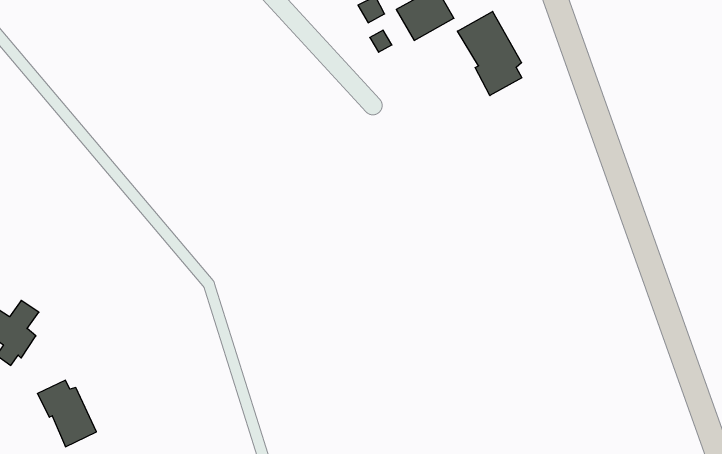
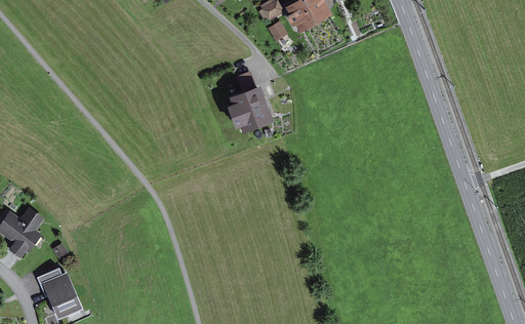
building: [457,11,522,96] -> none
building: none -> [231,91,268,131]

